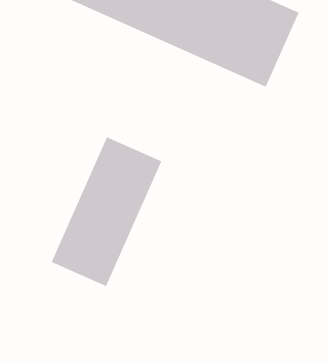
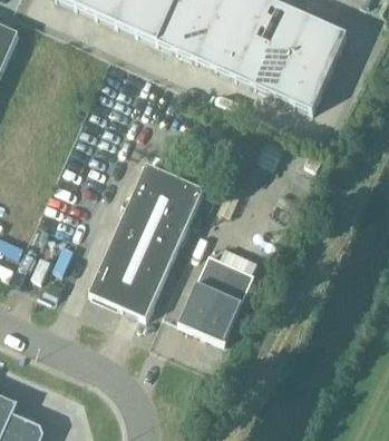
building: none -> [178,253,254,342]

